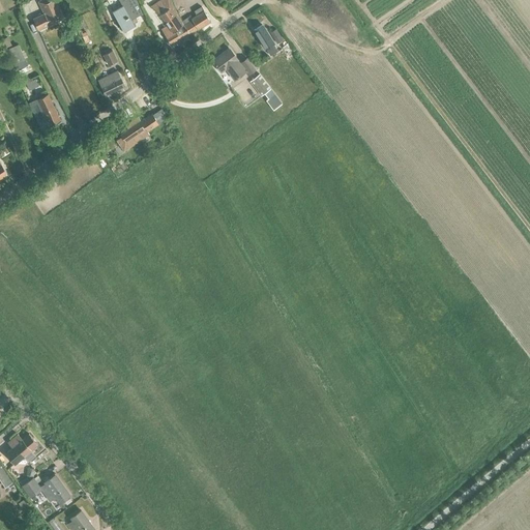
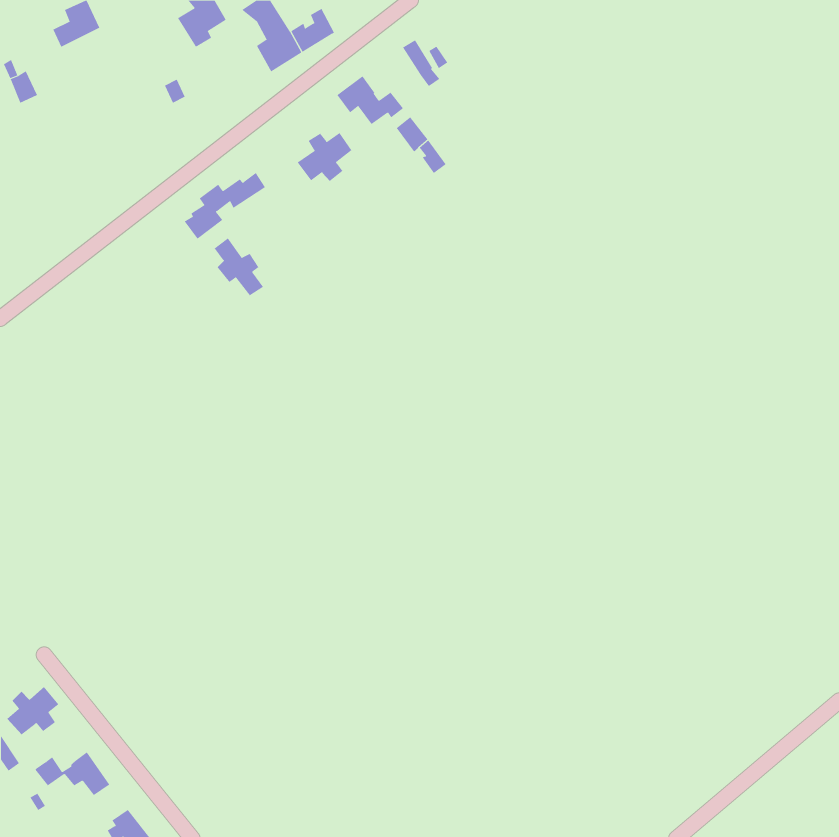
building: [97,71,125,97] -> none
building: none -> [297,132,352,182]
building: [29,95,60,130] -> none
building: none -> [214,238,264,296]

